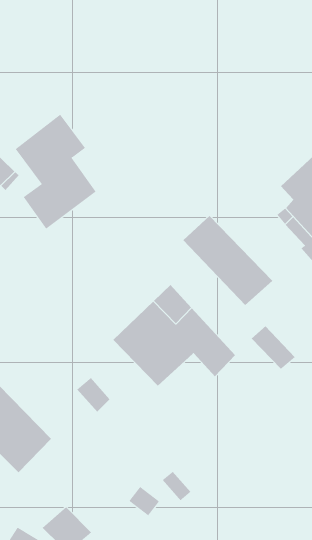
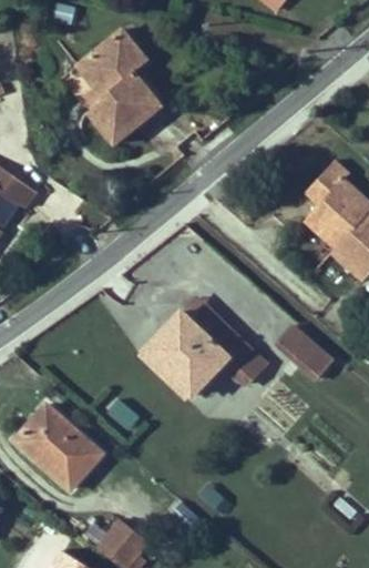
building: [15,114,96,230] -> [68,37,152,152]
building: [183,215,273,306] -> none

